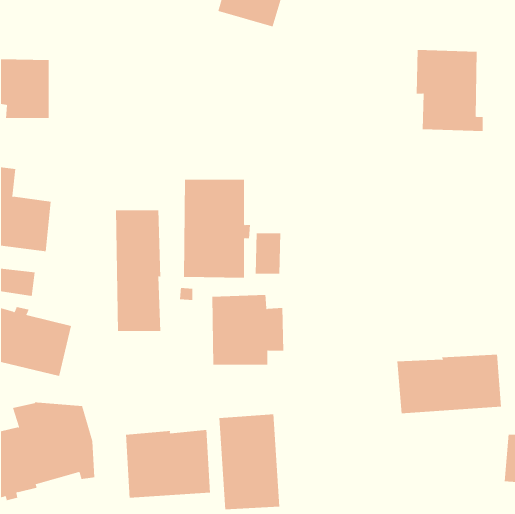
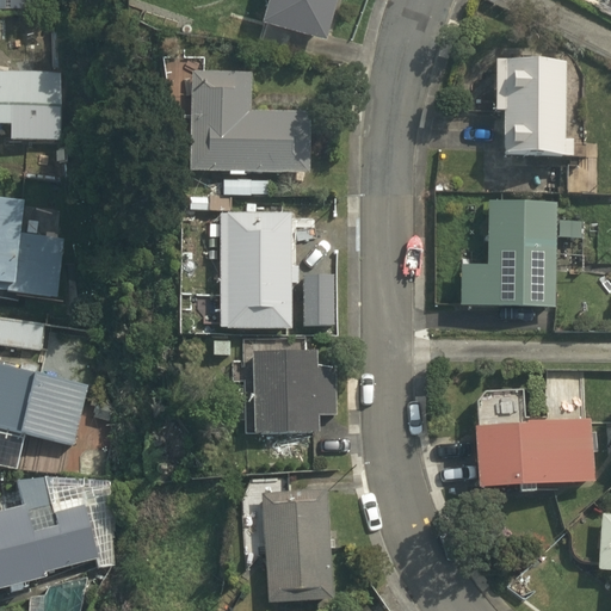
building: none -> [189,69,310,173]
building: none -> [458,199,582,307]
building: [116,210,161,332] -> none
building: [125,429,211,499] -> none

